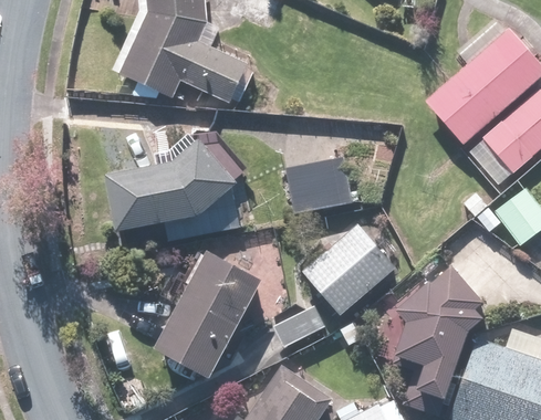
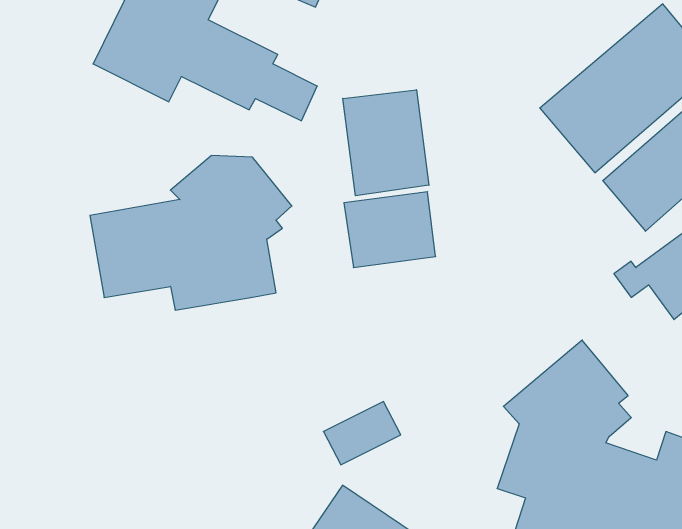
building: none -> [343,90,429,196]
building: [303,222,397,316] -> none
building: [158,250,266,380] -> none

